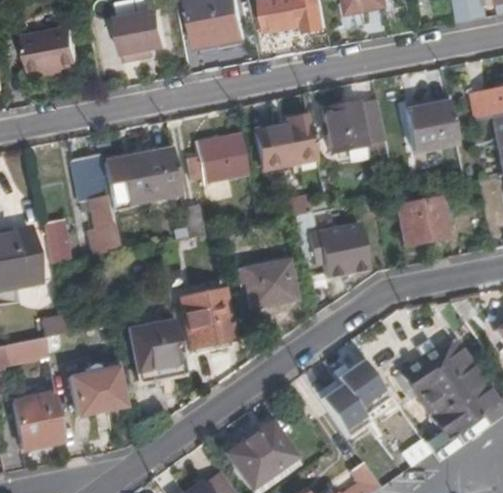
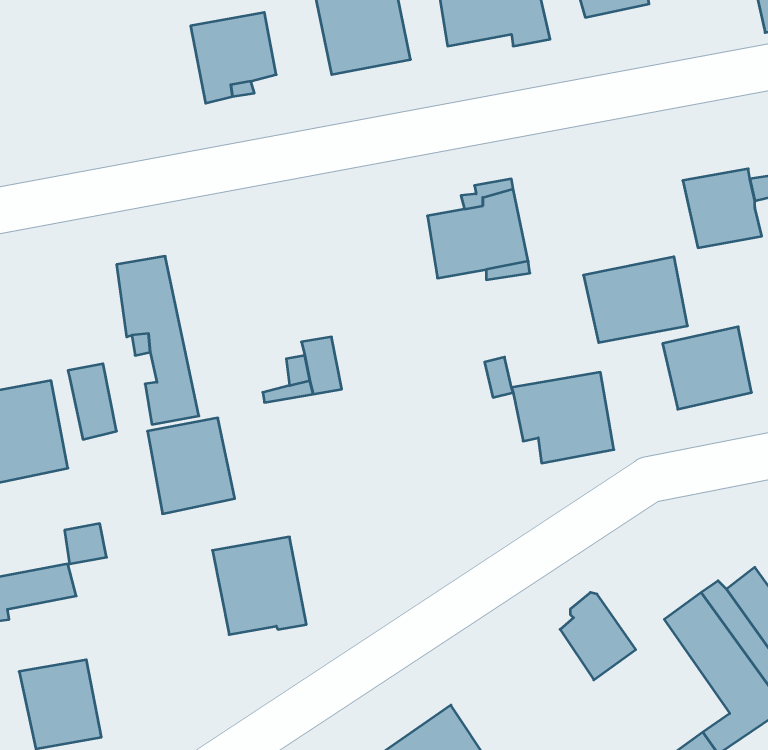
building: [22,23,79,72] -> none
building: [323,98,385,149] -> [583,257,688,343]
building: [188,131,248,182] -> none
building: [123,150,180,203] -> none
building: [243,259,296,308] -> none
building: [182,288,234,345] -> [147,418,235,514]
building: [67,366,126,418] -> none
building: [313,376,366,436] -> none

